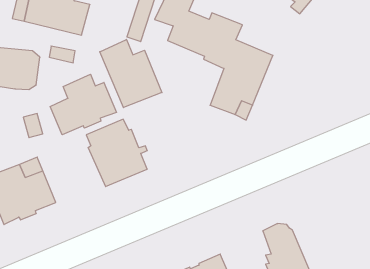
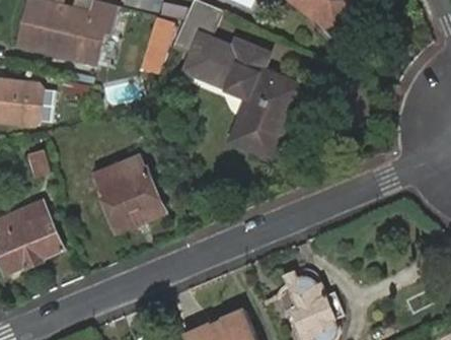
building: [100,39,162,108] -> none
building: [50,74,117,135] -> none

